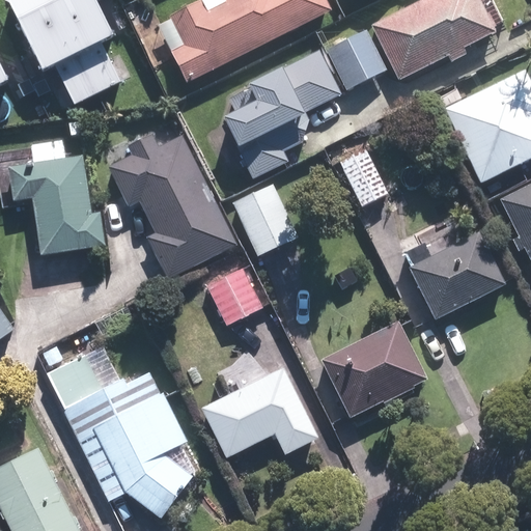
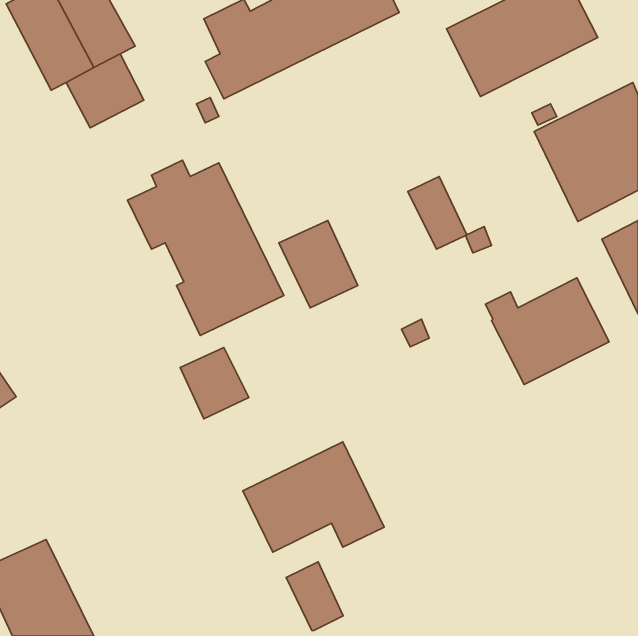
building: [326,28,386,88] -> none
building: [222,50,341,178] -> none
building: [8,156,104,253] -> none
building: [205,266,262,325] -> [180,347,249,419]
building: [320,318,427,417] -> none
building: [49,354,196,518] -> none
building: none -> [286,562,343,631]

